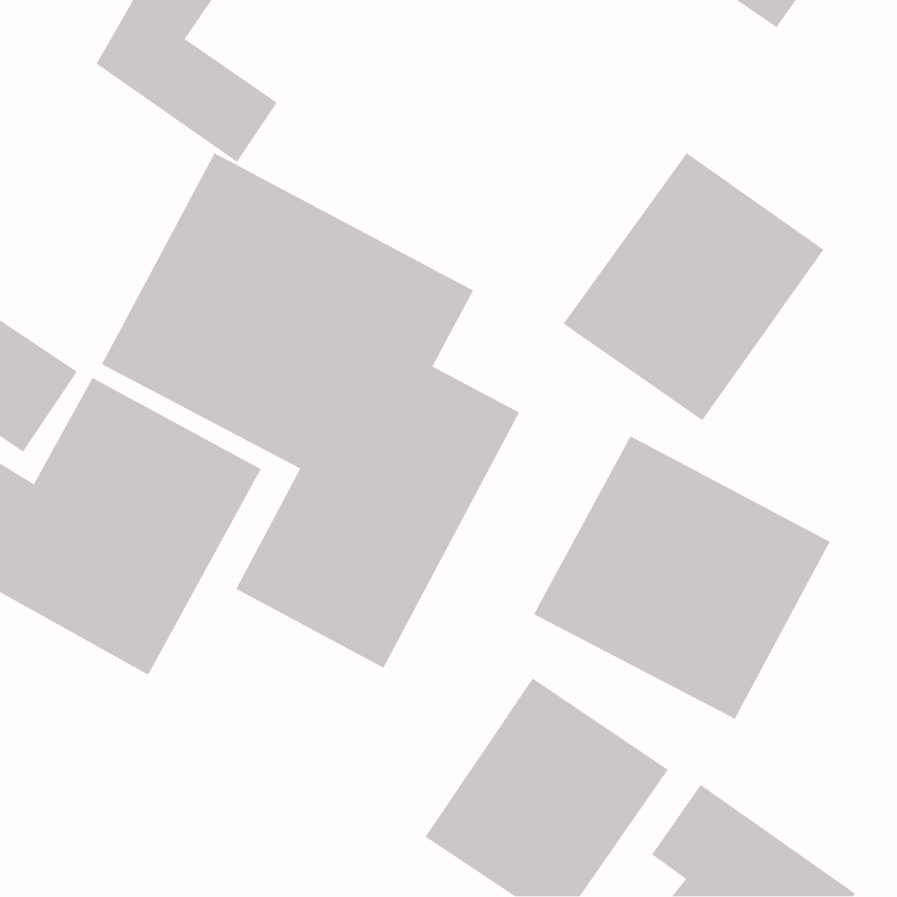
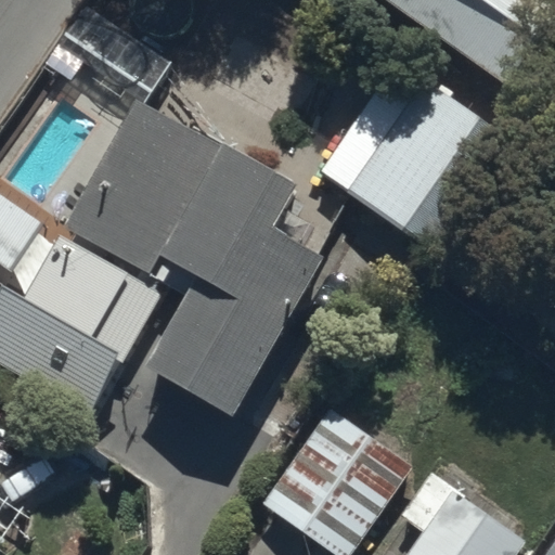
building: [533,435,831,720] -> none

